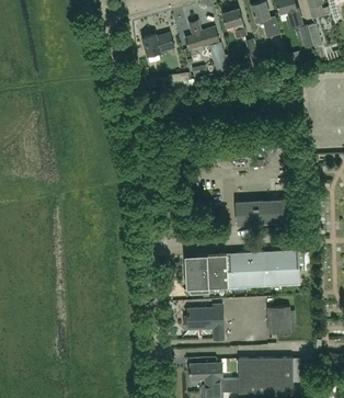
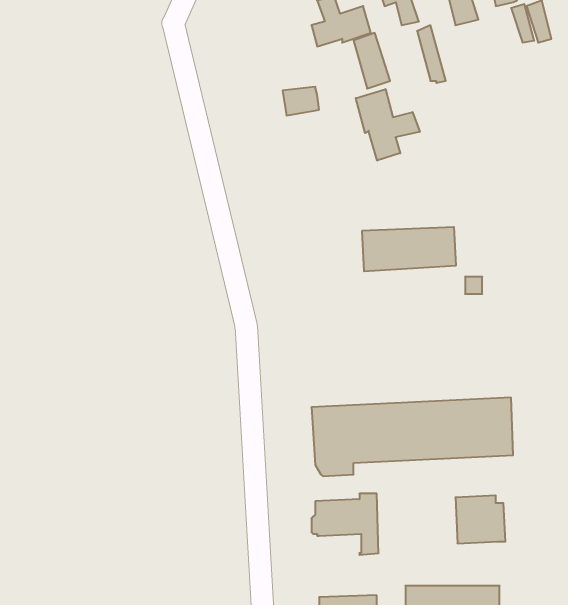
building: [142,34,174,58] -> none
building: none -> [356,89,420,161]
building: [237,201,290,226] -> [362,227,456,271]

